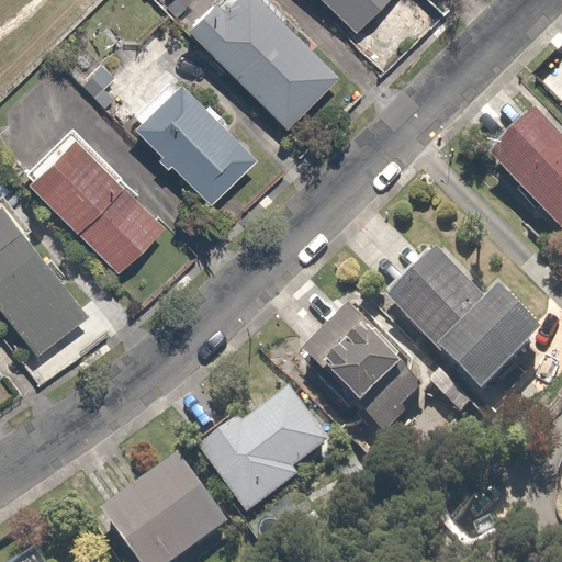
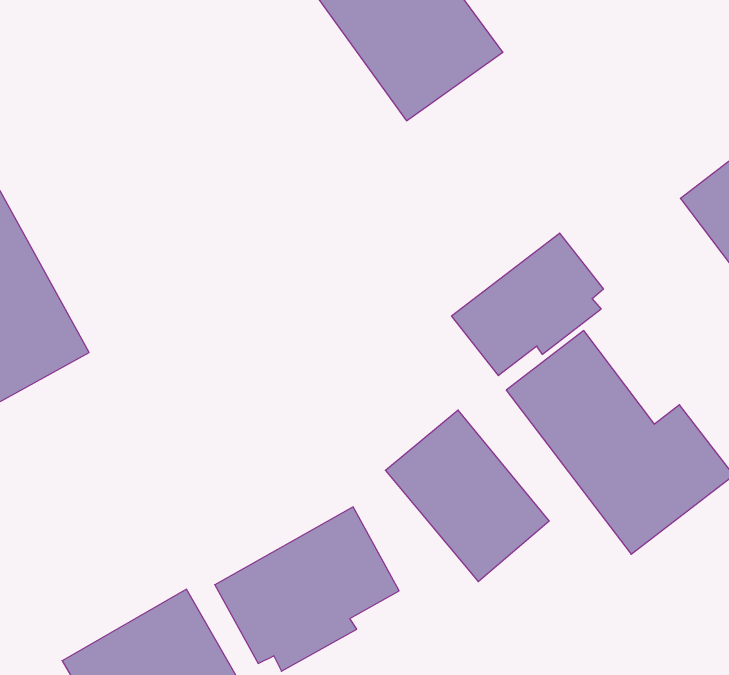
building: [127,68,270,212] -> none
building: [20,117,167,267] -> none
building: none -> [452,233,603,376]

